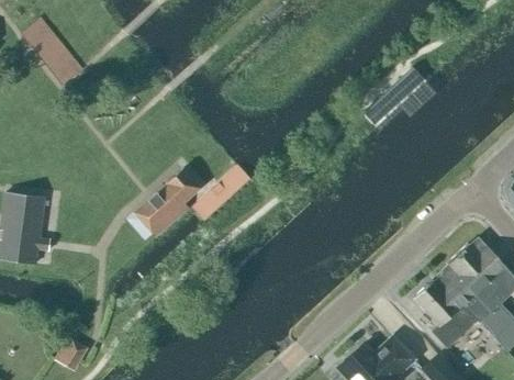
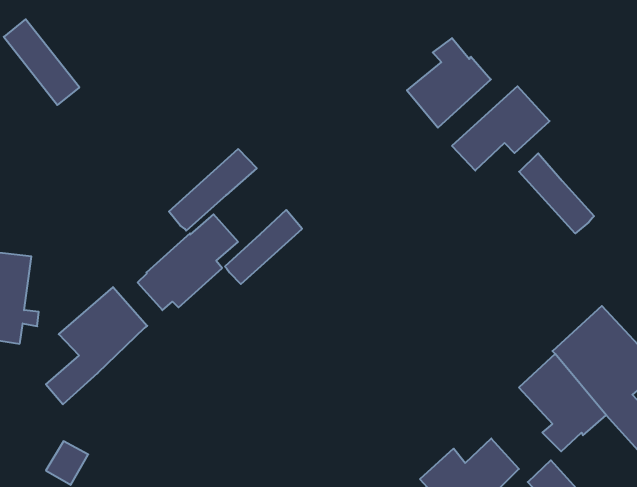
building: none -> [407,38,491,128]
building: none -> [169,149,257,231]
building: none -> [519,153,594,233]
building: none -> [46,287,147,404]

